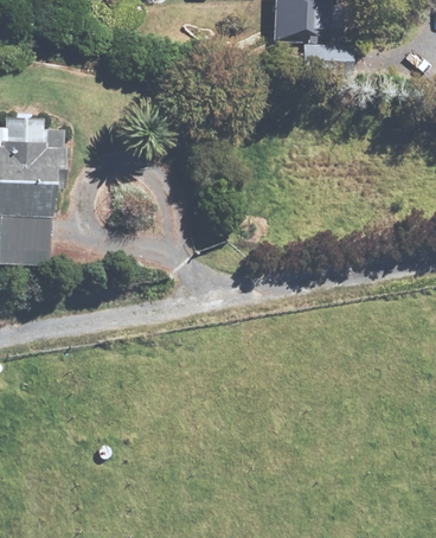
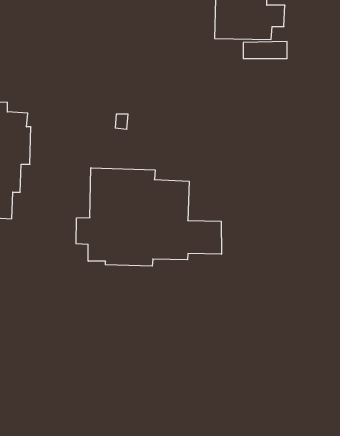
building: none -> [76,168,221,266]

